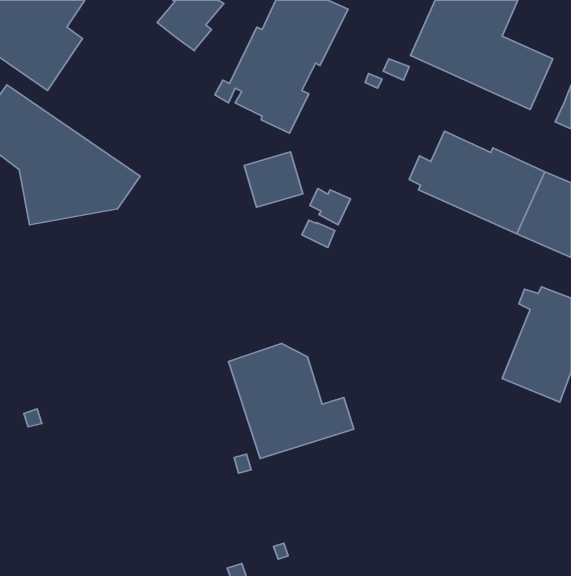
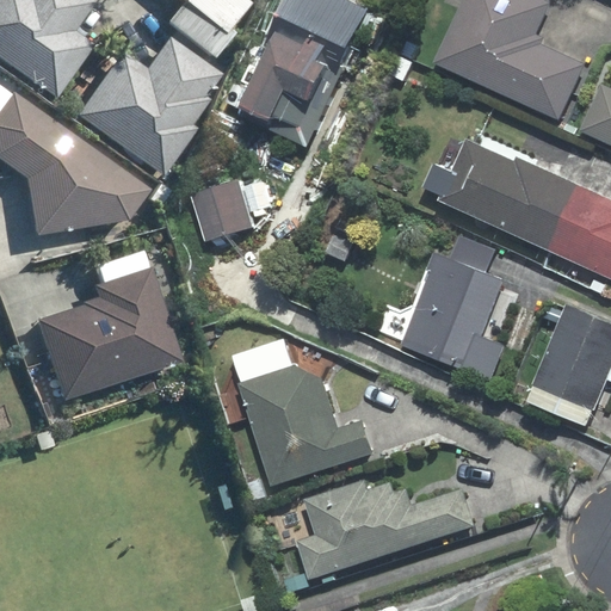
building: none -> [66,41,212,177]
building: [244,152,303,207] -> [193,184,255,242]
building: none -> [402,234,506,382]
building: none -> [23,267,174,403]
building: none -> [300,481,477,580]

